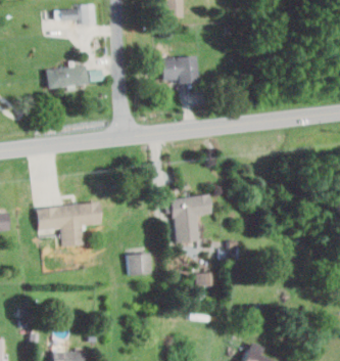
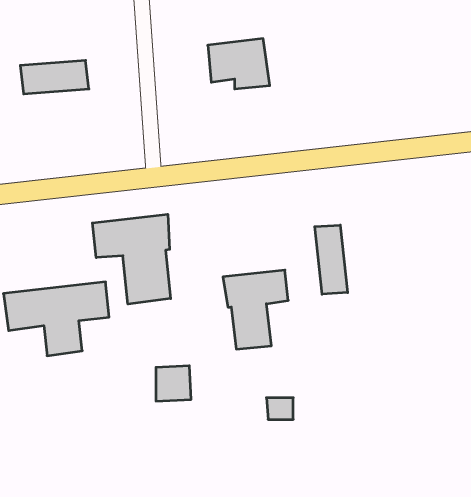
building: none -> [92,214,171,304]
building: none -> [315,225,348,294]

